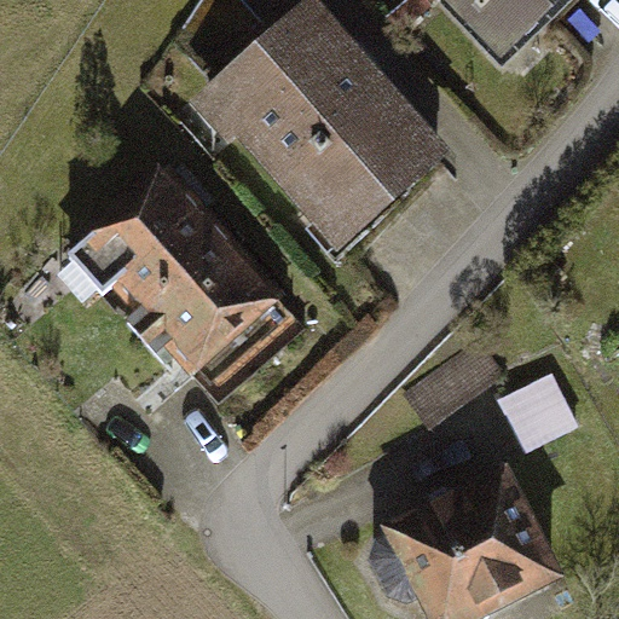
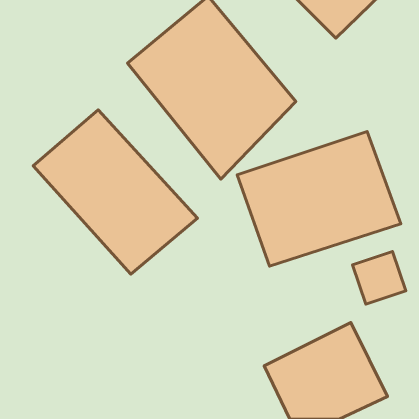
building: none -> [237,132,401,266]

